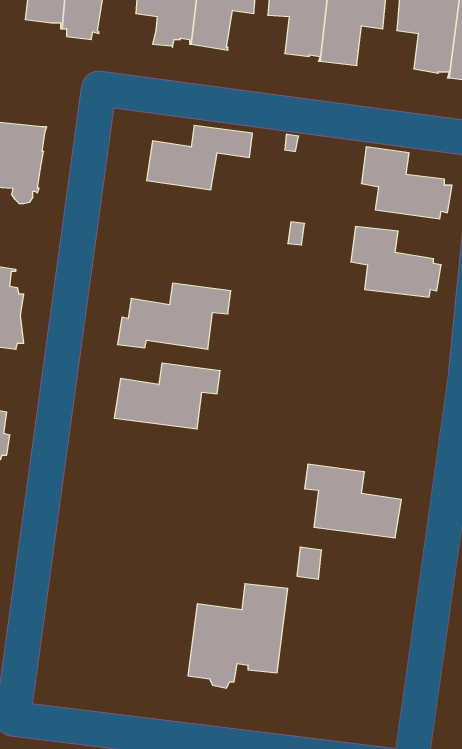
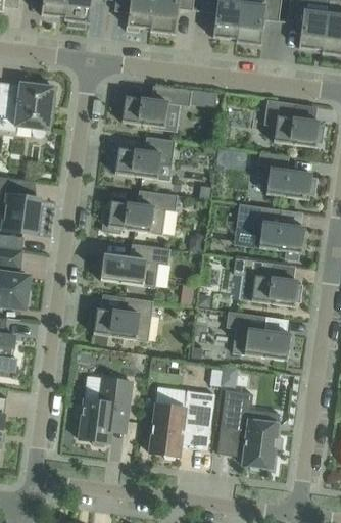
building: none -> [110,135,175,178]
building: none -> [236,202,305,258]
building: none -> [234,256,302,305]
building: none -> [89,295,153,340]
building: none -> [78,376,132,445]
building: none -> [217,388,280,470]

